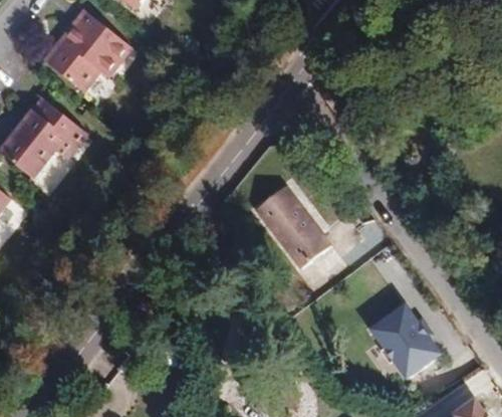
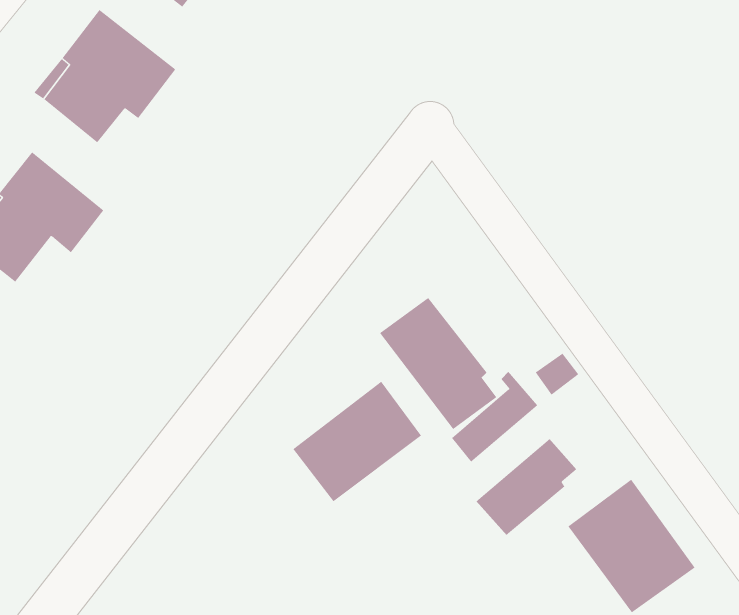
building: none -> [292,381,422,502]
building: none -> [476,438,577,536]

